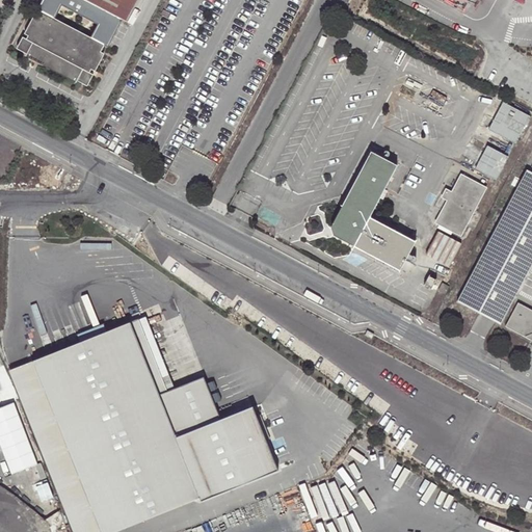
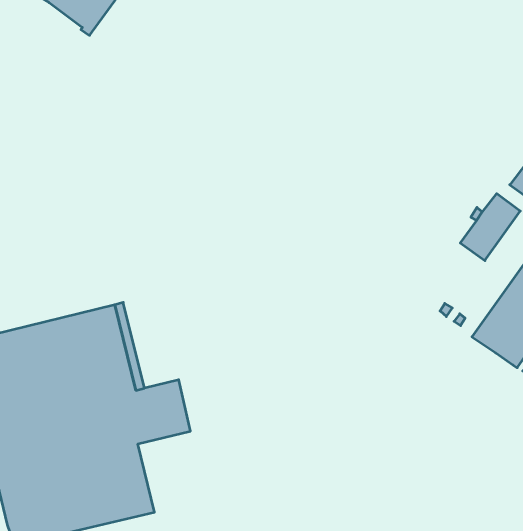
building: [330,152,414,269] -> none
building: [425,231,460,265] -> none
building: [176,407,276,501] -> none

